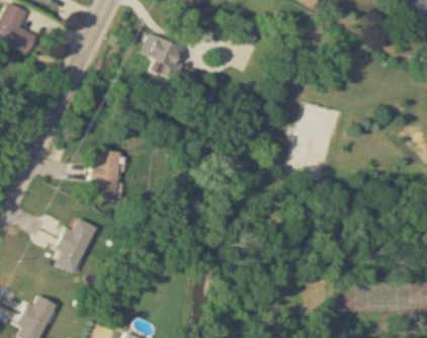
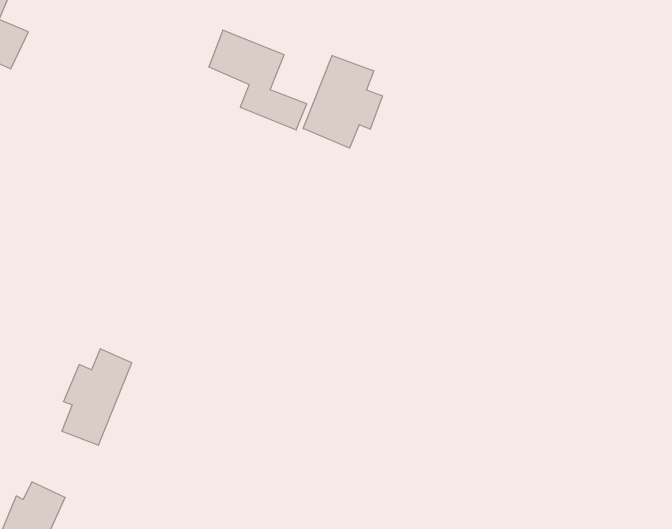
building: none -> [303,55,382,148]
building: [88,149,120,200] -> none

